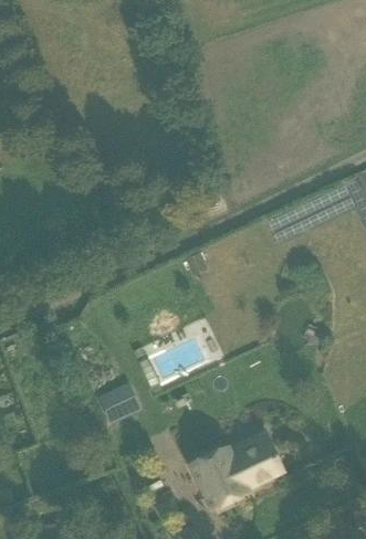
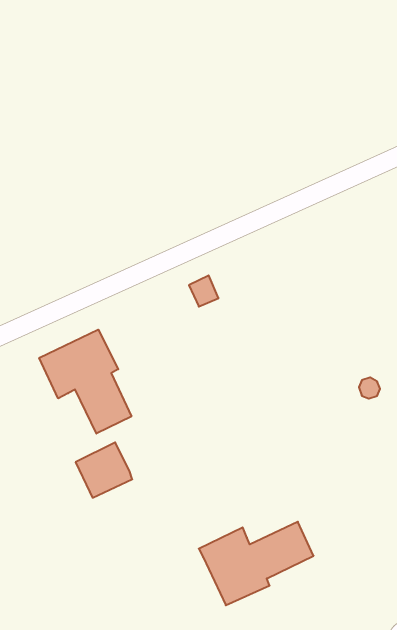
building: none -> [39,330,131,434]

